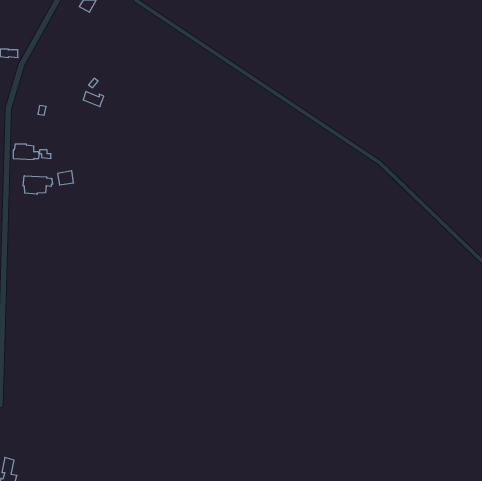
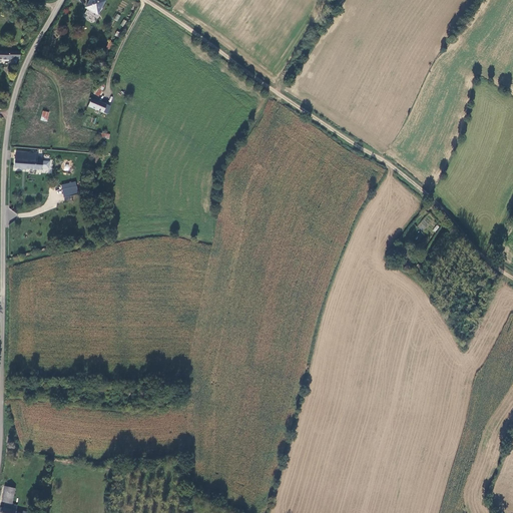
building: [23,176,52,194] -> none

